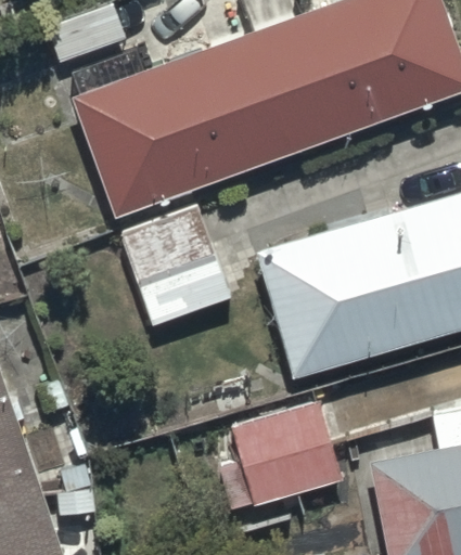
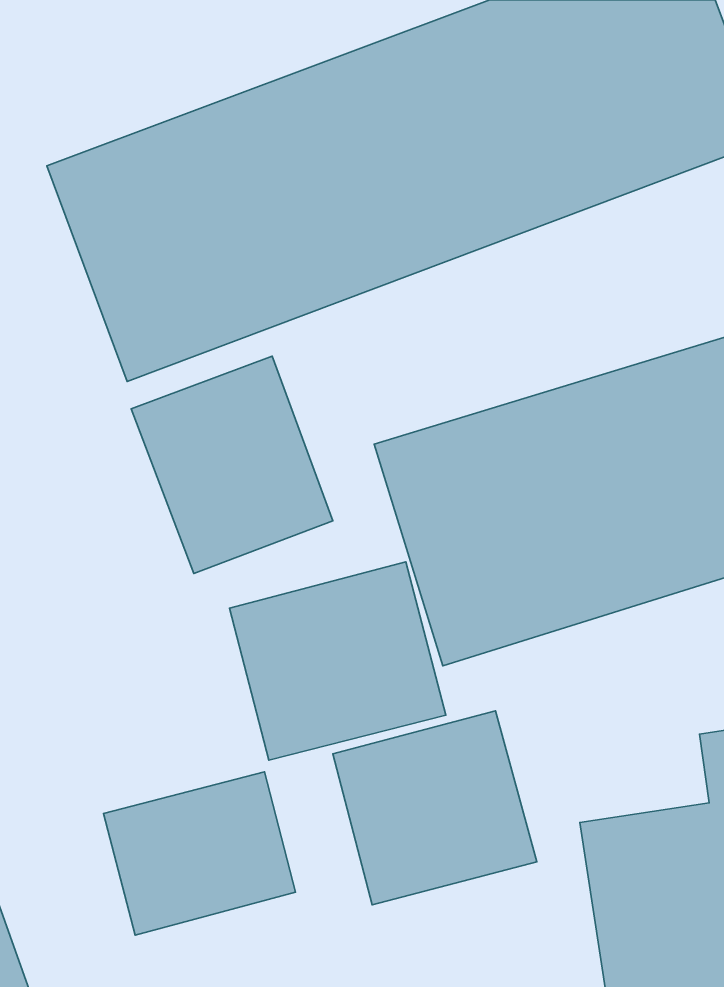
building: none -> [230,562,446,760]
building: none -> [103,772,295,935]

